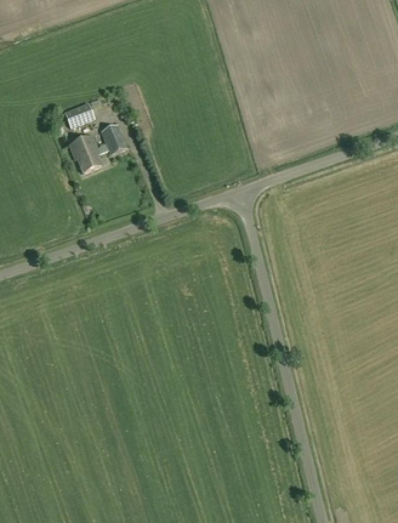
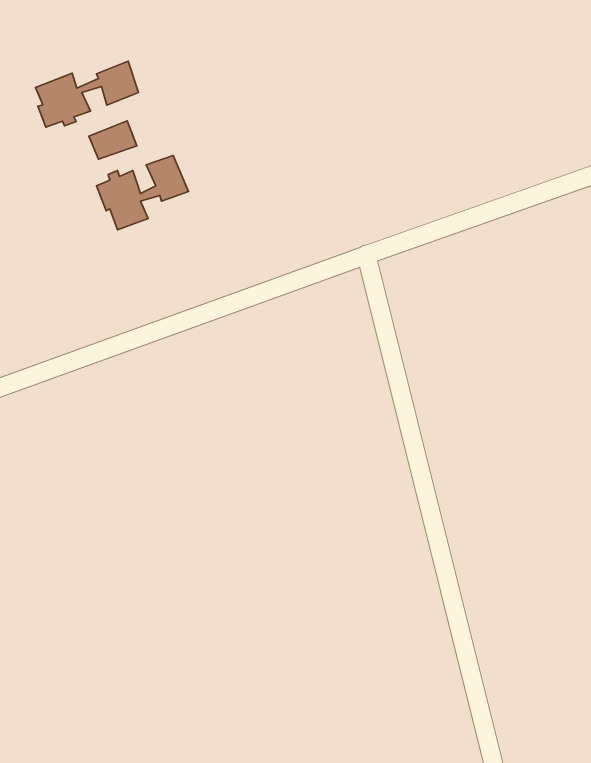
building: none -> [36,61,139,127]

